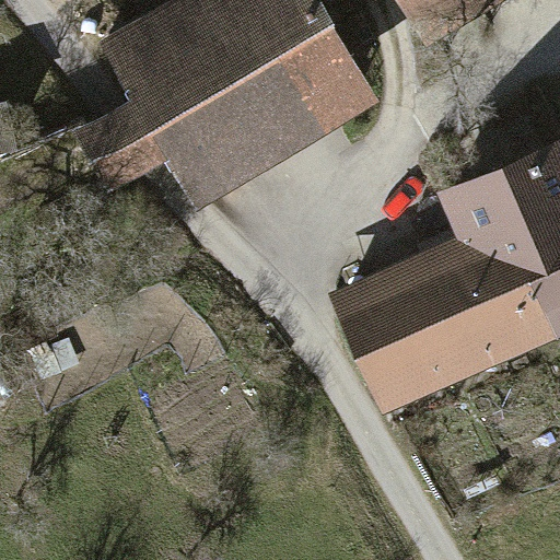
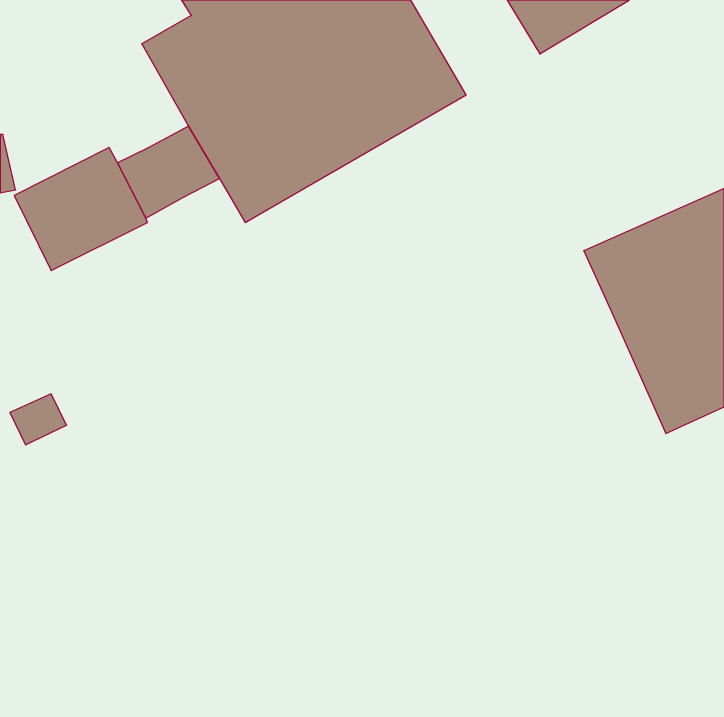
building: [341,247,514,398] -> none

